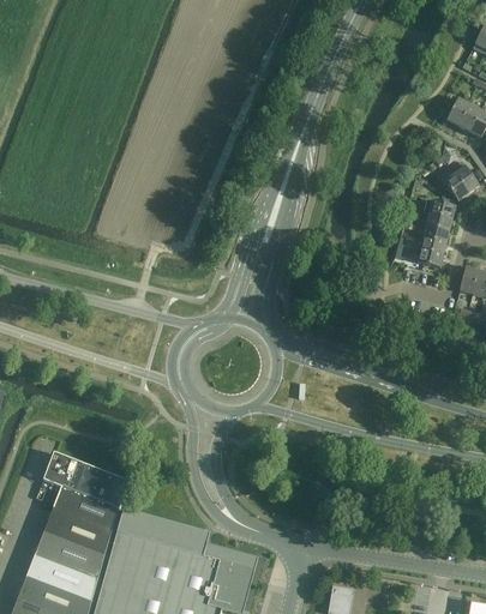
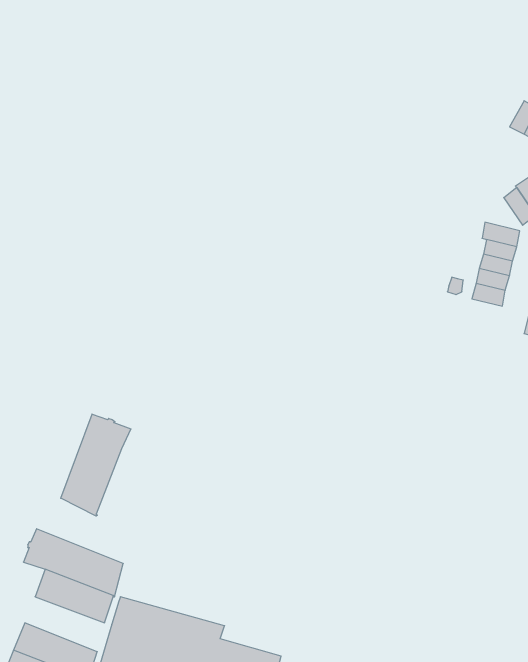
building: none -> [61,414,131,516]
building: [43,508,109,554] -> none

